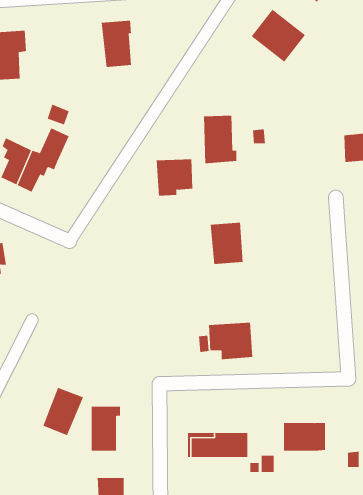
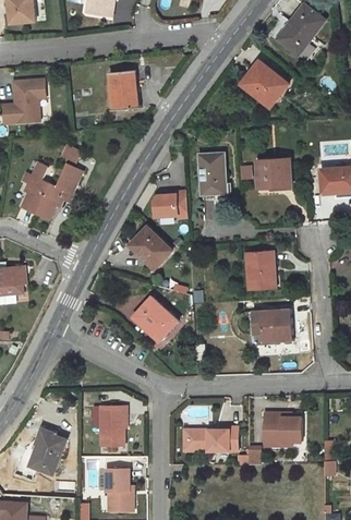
building: none -> [255,158,289,185]
building: none -> [130,228,170,267]
building: [210,222,243,265] -> [244,252,274,289]
building: none -> [131,297,175,340]
building: [208,322,253,360] -> [251,309,290,341]
building: [43,387,84,436] -> [28,430,64,472]

